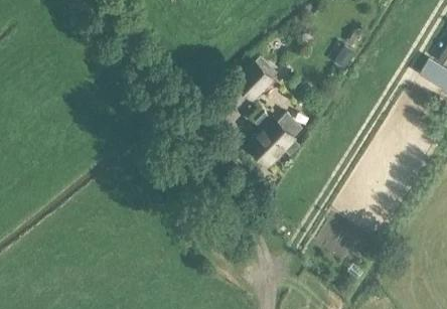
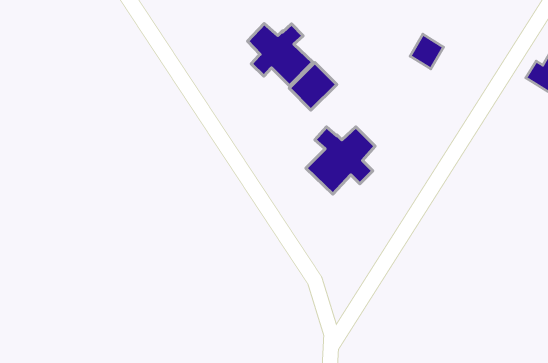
building: none -> [247,23,313,86]

